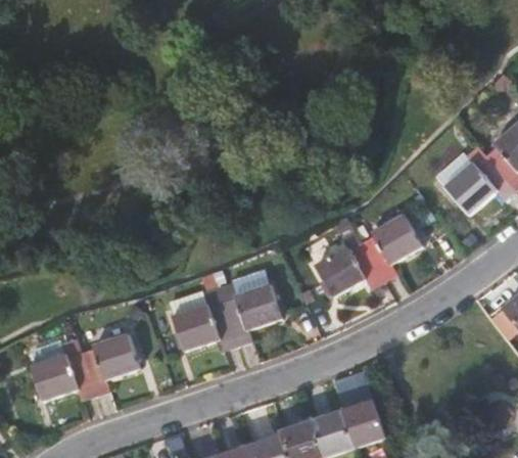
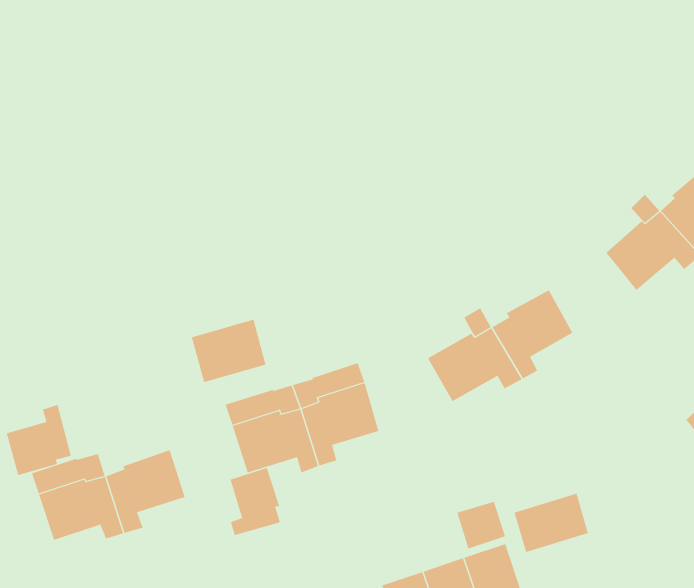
building: none -> [191,319,266,383]
building: none -> [6,404,72,476]
building: none -> [230,467,281,536]
building: none -> [514,493,589,553]

